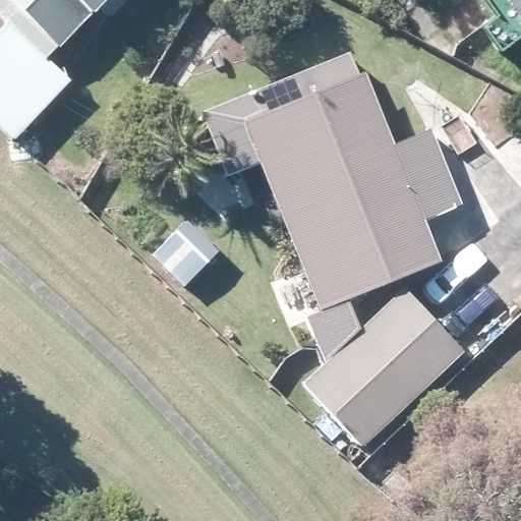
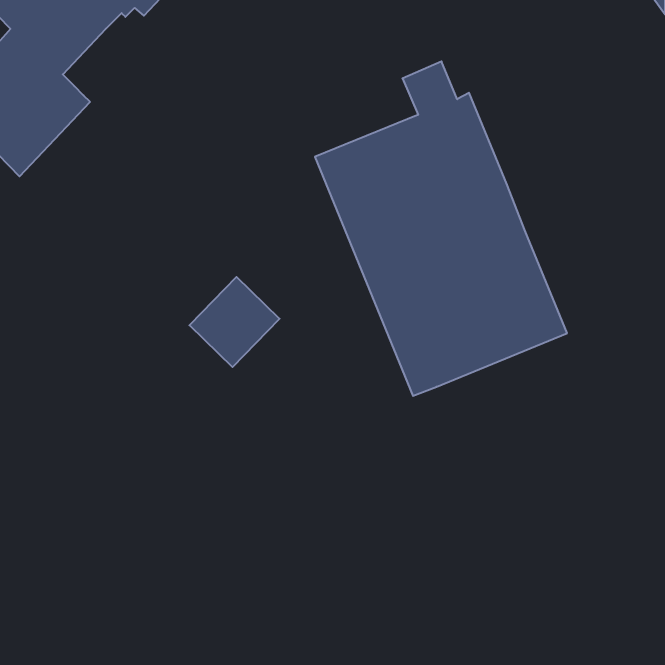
building: [306,289,463,445] -> none

